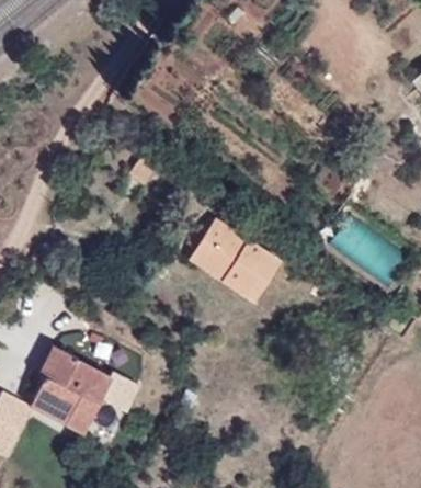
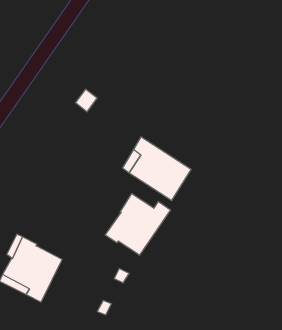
building: none -> [105,194,171,255]

